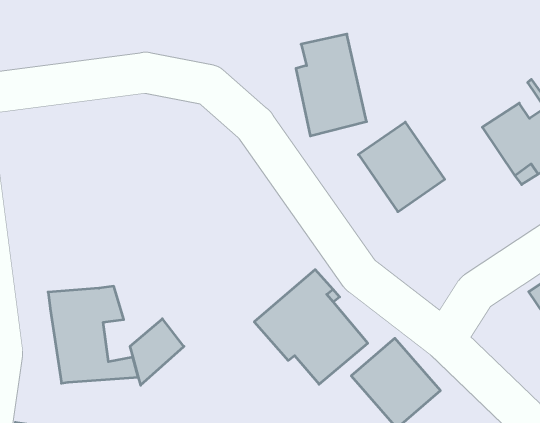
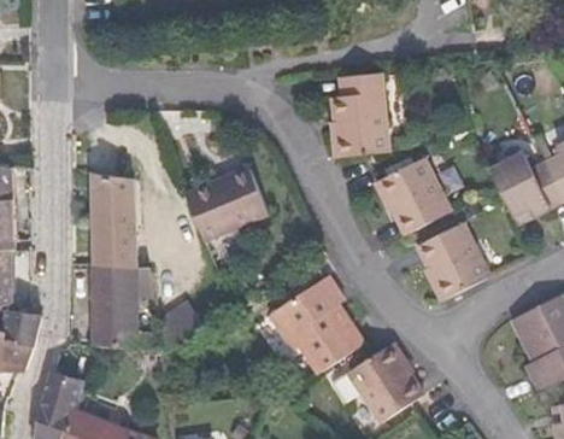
building: none -> [184,166,269,241]
building: none -> [90,174,137,267]
building: none -> [417,223,489,300]

